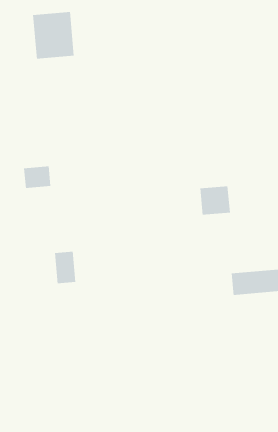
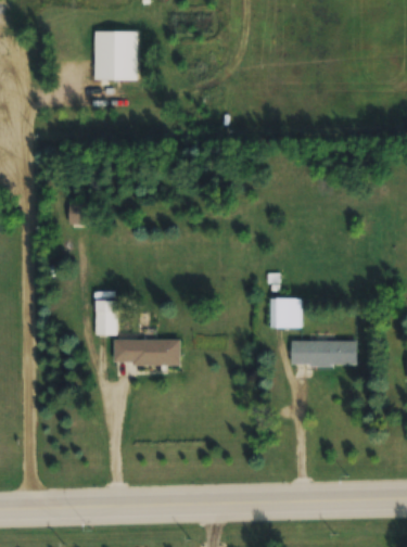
building: [199,186,231,215] -> [269,297,302,328]
building: none -> [114,339,180,365]

